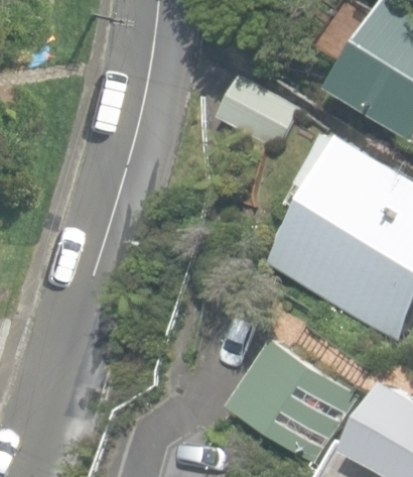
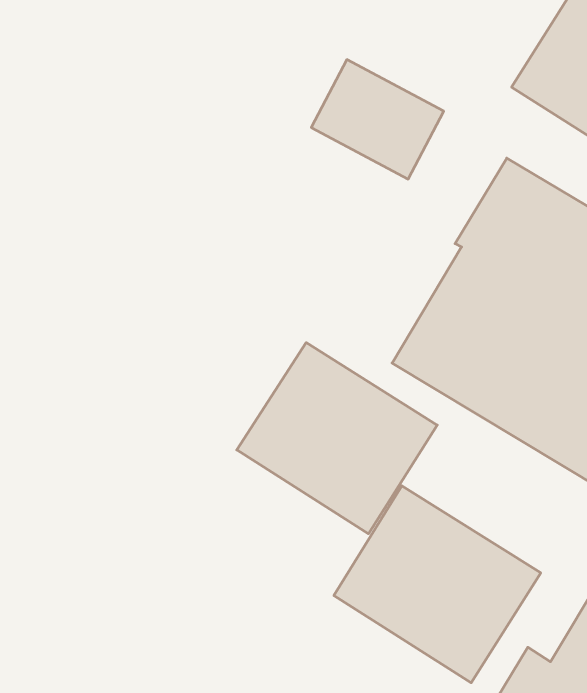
building: none -> [237,343,437,534]

